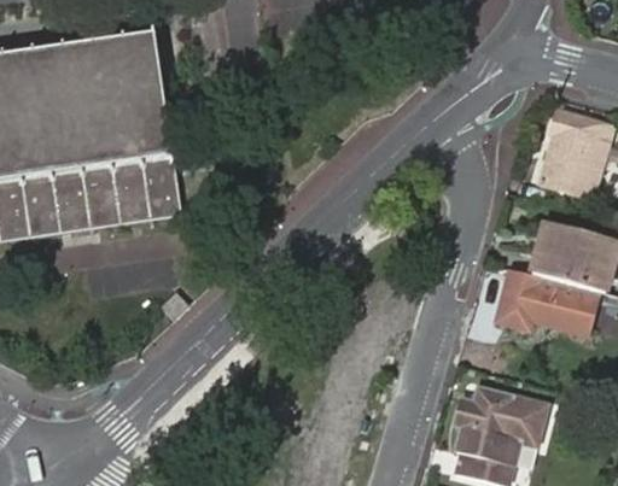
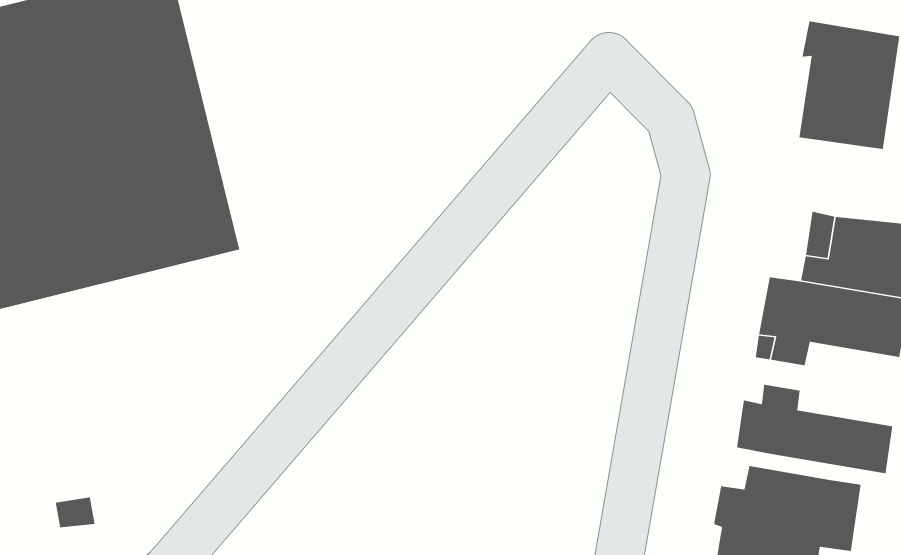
building: none -> [736,384,893,474]

